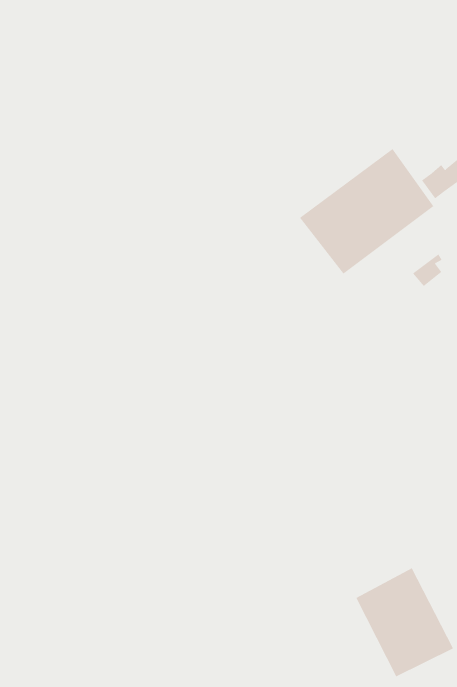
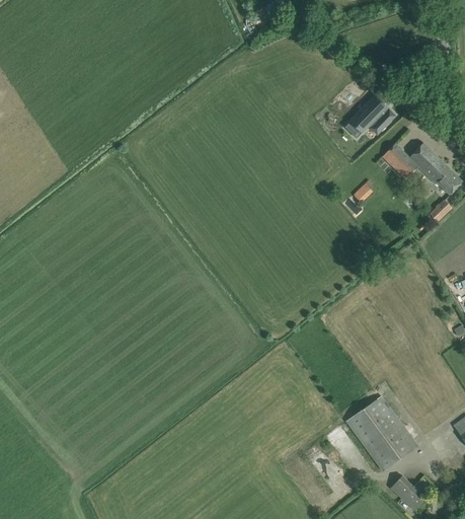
building: [299,148,434,275] -> none

